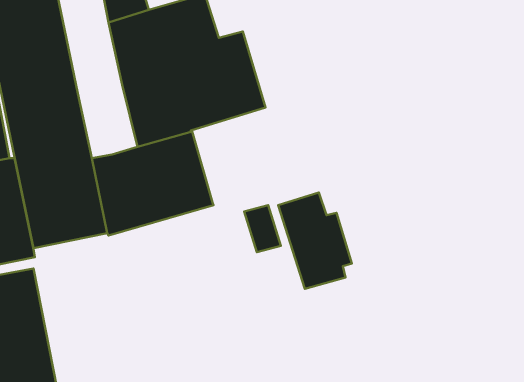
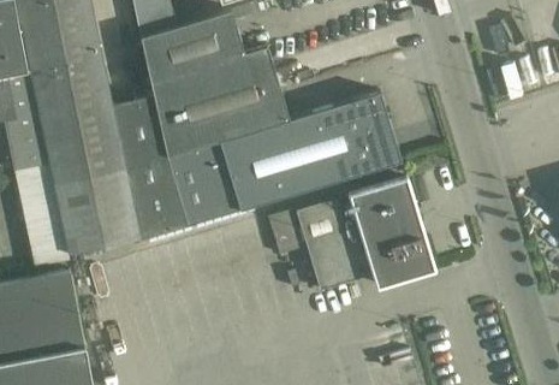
building: none -> [218,93,400,209]
building: none -> [111,97,167,167]
building: none -> [349,179,433,288]

